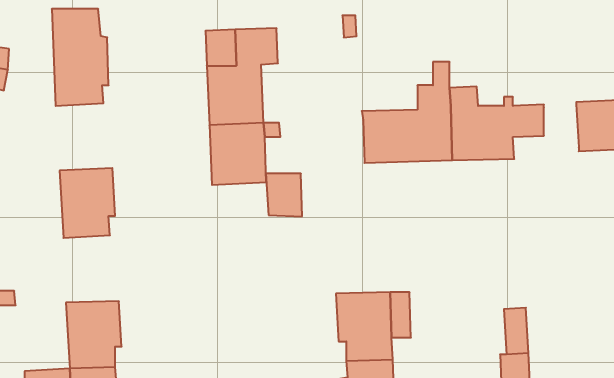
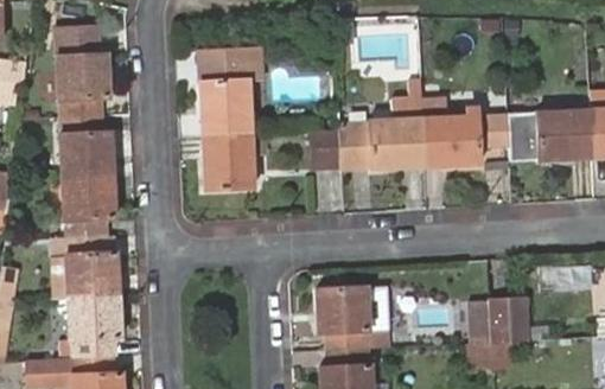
building: none -> [59,114,112,176]
building: none -> [508,115,540,157]
building: [266,174,302,216] -> [310,129,343,168]
building: none -> [55,235,117,296]
building: none -> [491,299,528,343]

